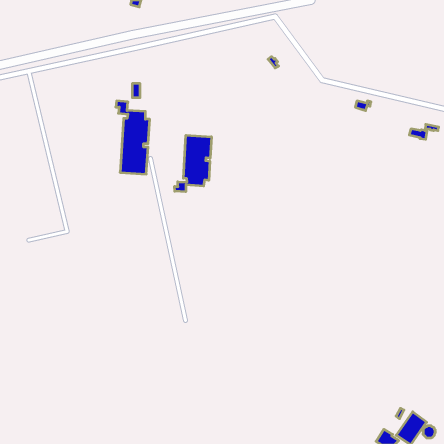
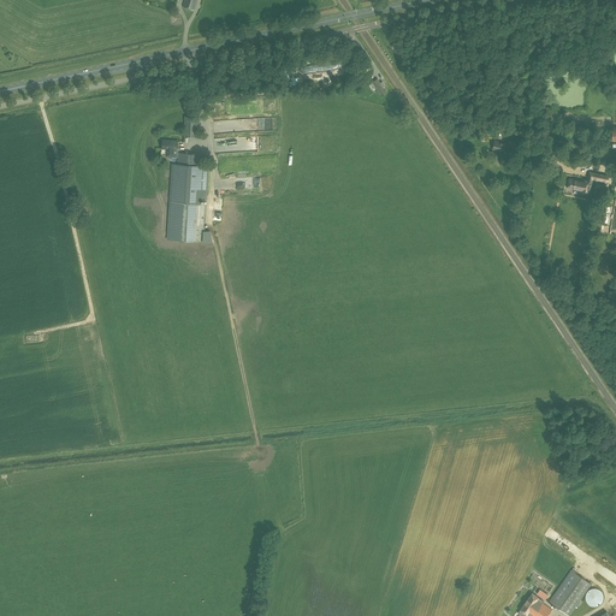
building: [175,135,211,192] -> none

